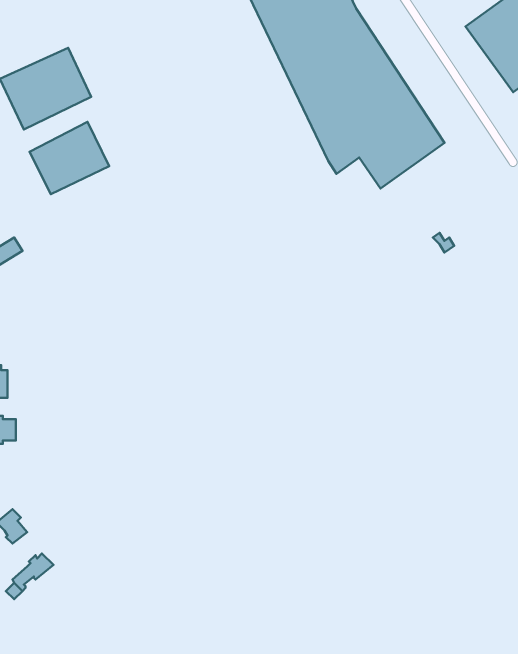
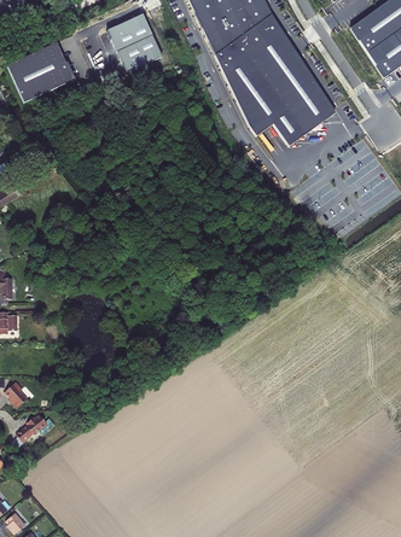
building: none -> [106,13,162,72]
building: [29,122,109,194] -> none

